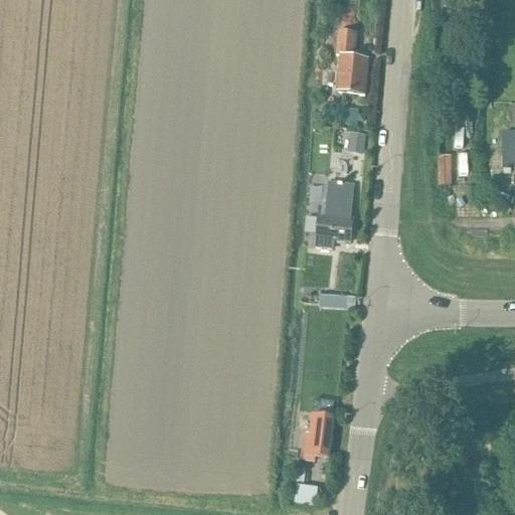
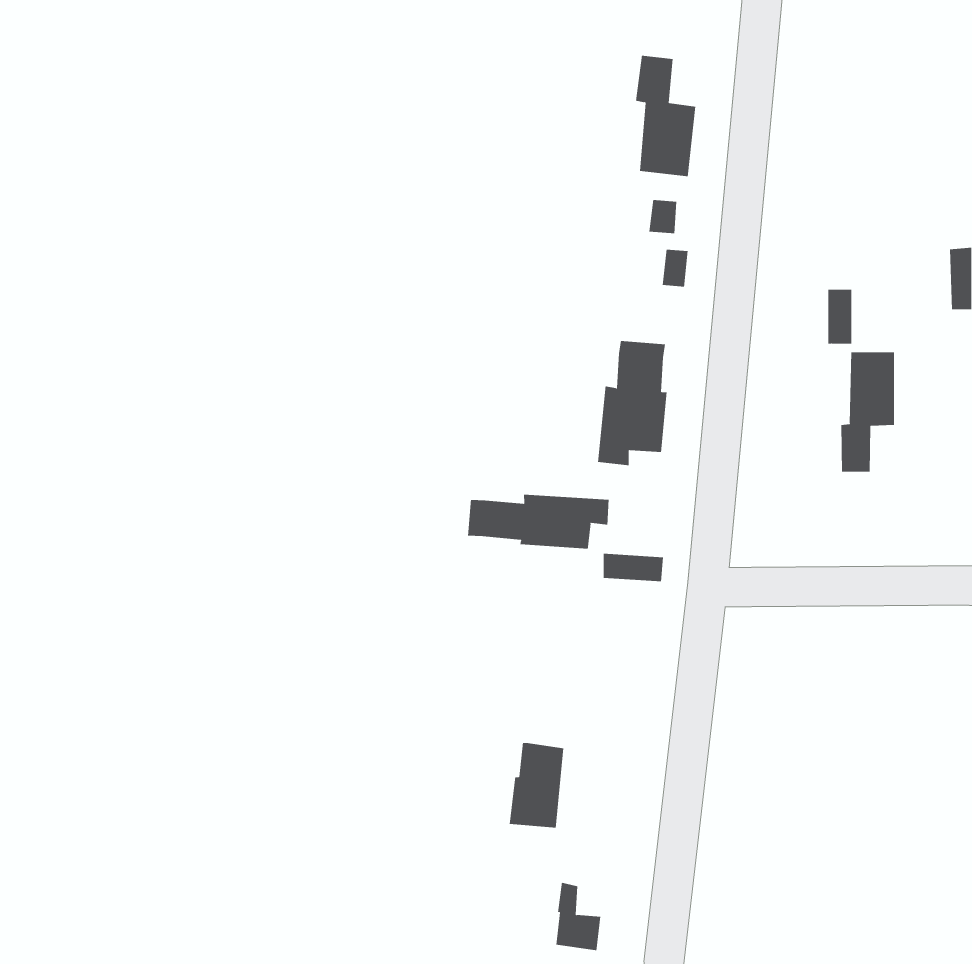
building: none -> [841,351,894,473]
building: none -> [467,494,609,549]
building: [305,410,334,456] -> [509,742,564,828]

